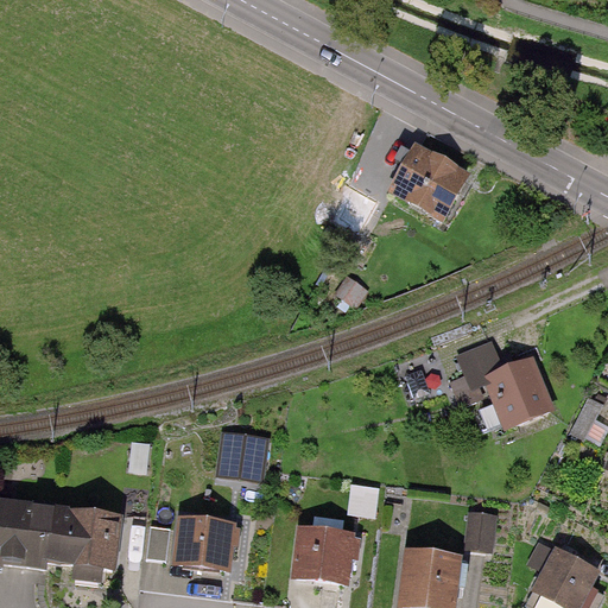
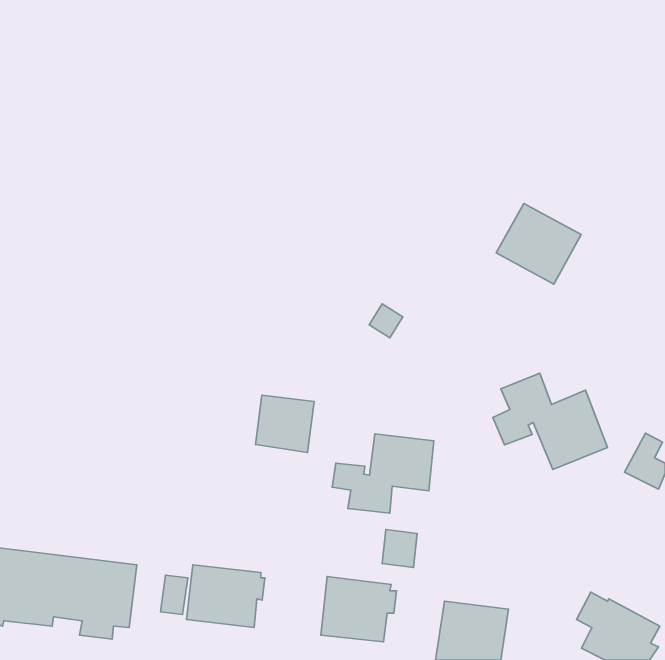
building: [385,148,462,222] -> [496,203,581,284]
building: none -> [332,434,434,513]
building: [216,430,270,482] -> [255,395,314,452]
building: [463,511,496,551] -> none

